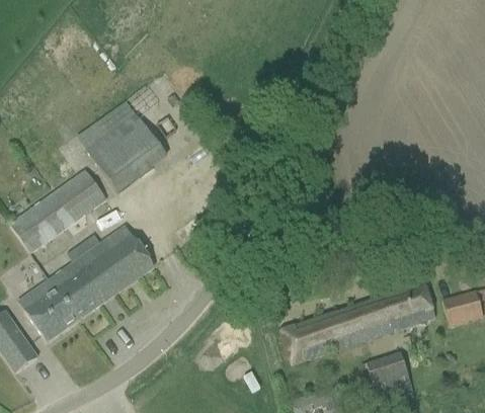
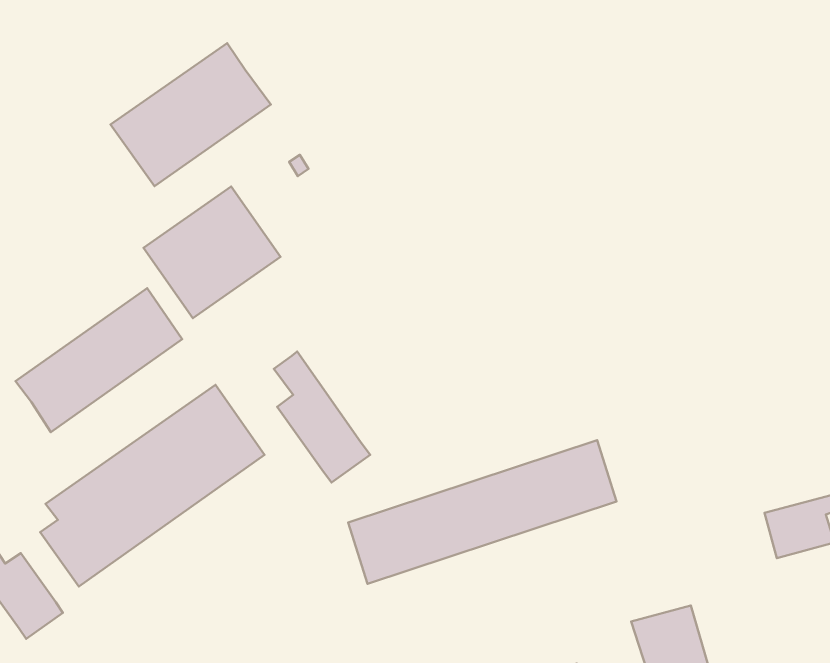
building: none -> [111,43,271,186]
building: none -> [274,352,370,482]
building: [280,280,435,363] -> [348,440,616,584]

